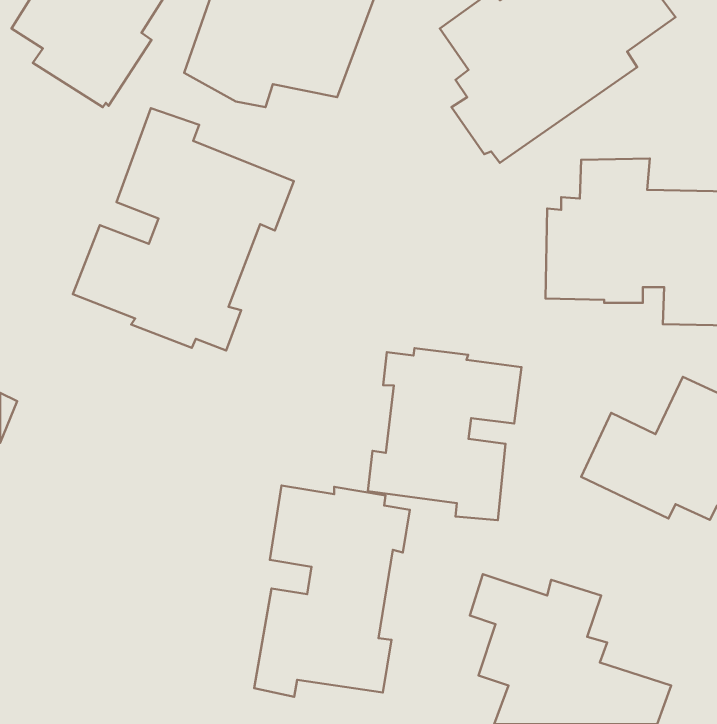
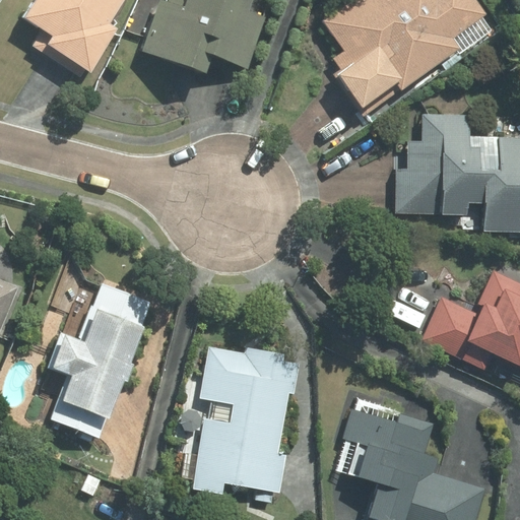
building: [73,108,294,350] -> none
building: [368,348,521,520] -> none
building: none -> [44,282,154,440]

